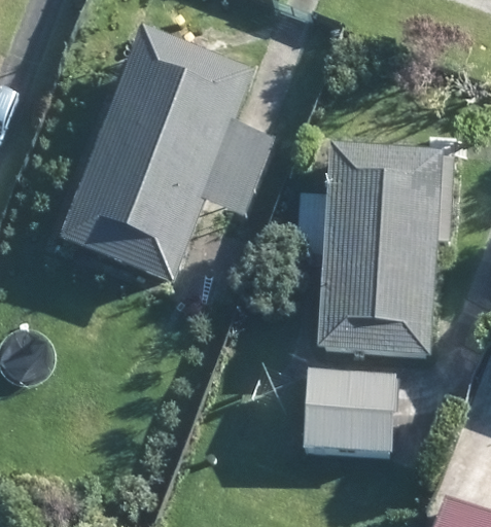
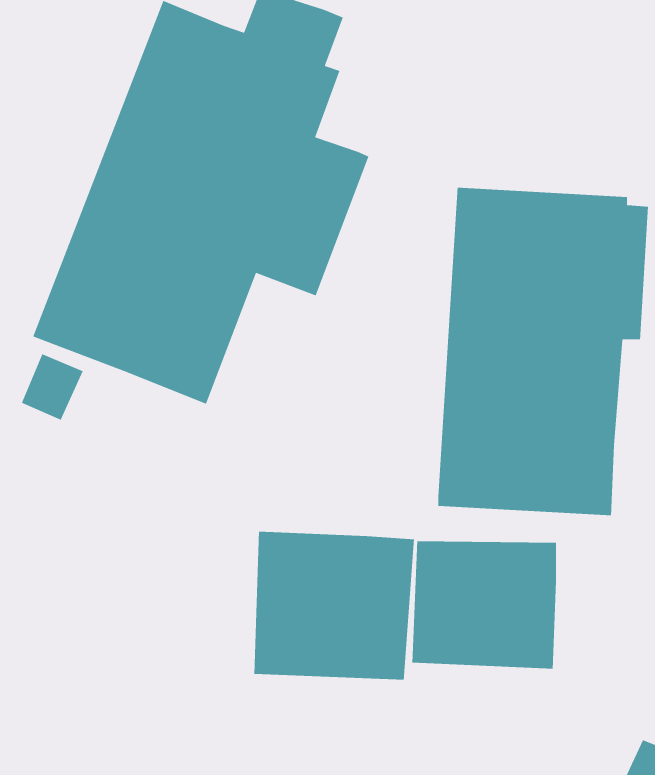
building: none -> [253,531,415,681]

